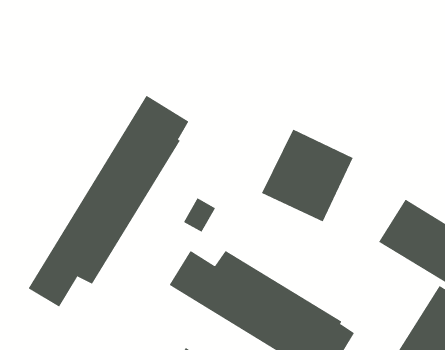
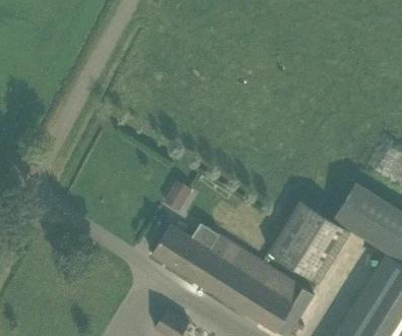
building: [28,95,189,308] -> none
building: [261,129,354,222] -> [270,201,350,282]

